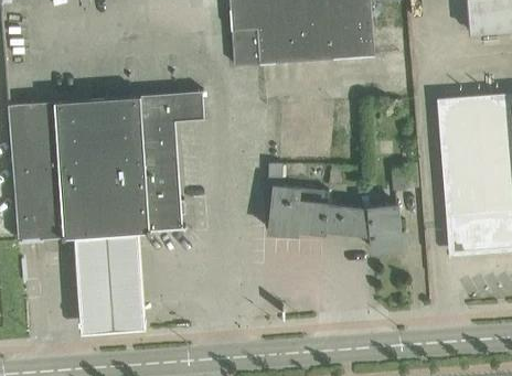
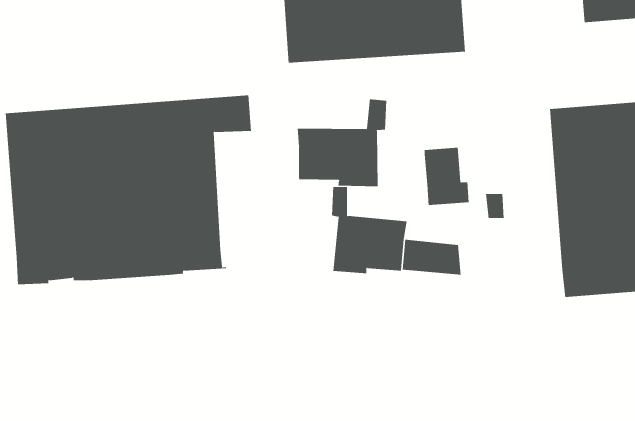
building: none -> [297,98,387,187]
building: [370,204,406,250] -> [424,147,470,205]
building: [75,234,147,340] -> none

